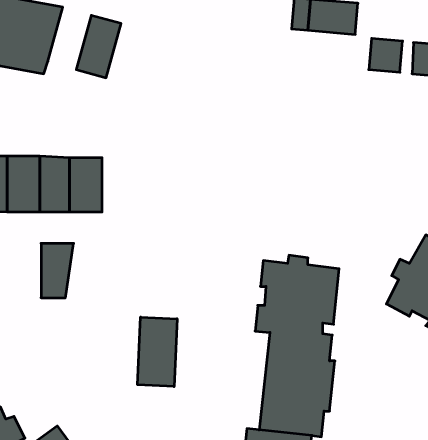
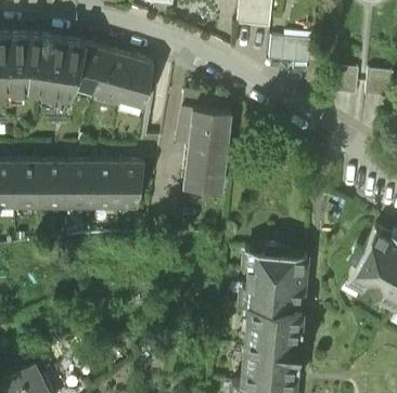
building: none -> [74,45,108,95]
building: none -> [120,58,153,109]
building: none -> [177,94,231,193]
building: [41,243,74,298] -> [117,166,143,209]
building: [138,317,177,387] -> none

